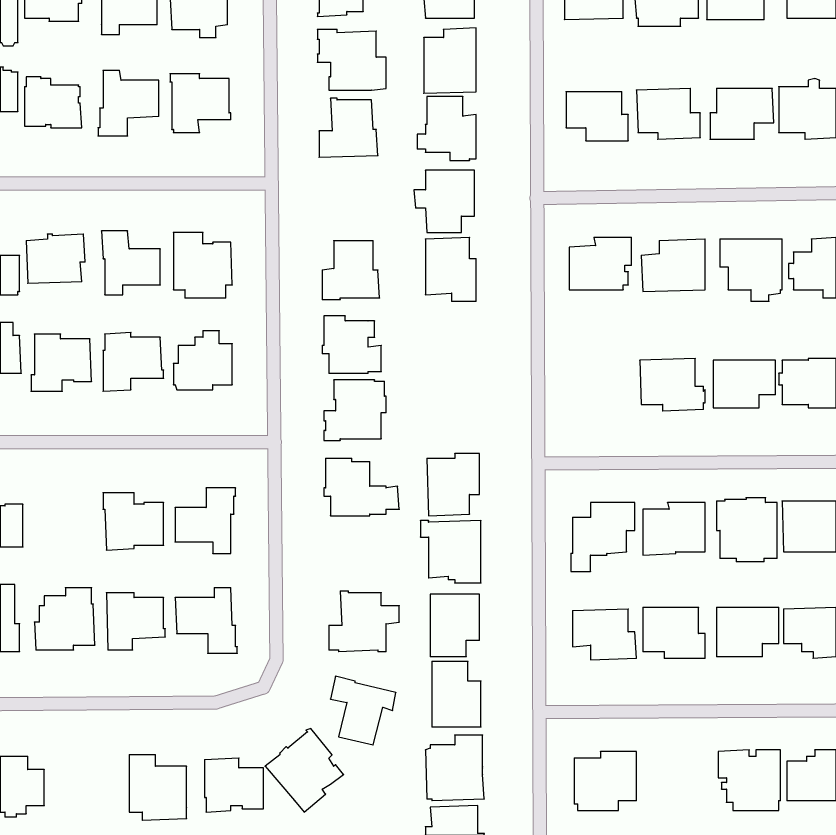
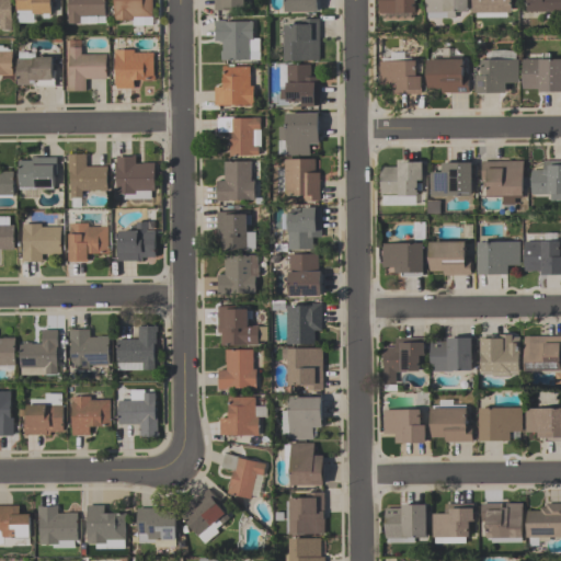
building: none -> [216,117,260,157]
building: none -> [280,208,321,250]
building: none -> [381,241,425,275]
building: none -> [287,254,320,297]
building: none -> [20,330,58,375]
building: none -> [218,350,256,389]
building: none -> [432,503,473,542]
building: none -> [37,505,78,548]

